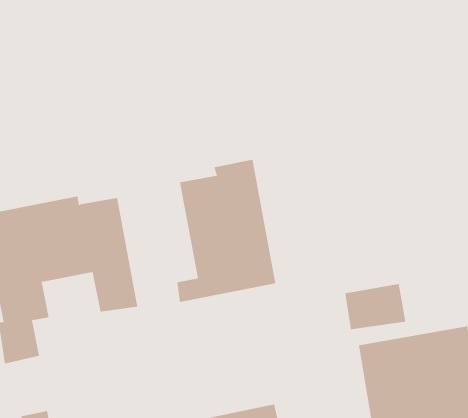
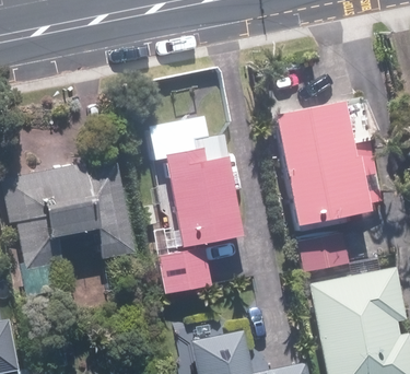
building: none -> [269,98,372,222]
building: none -> [159,247,211,293]

